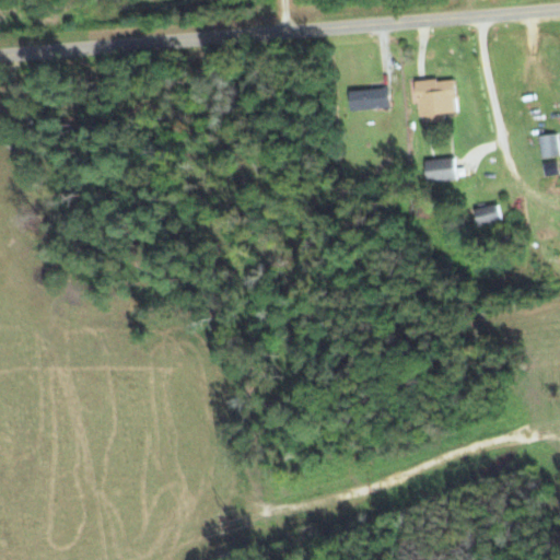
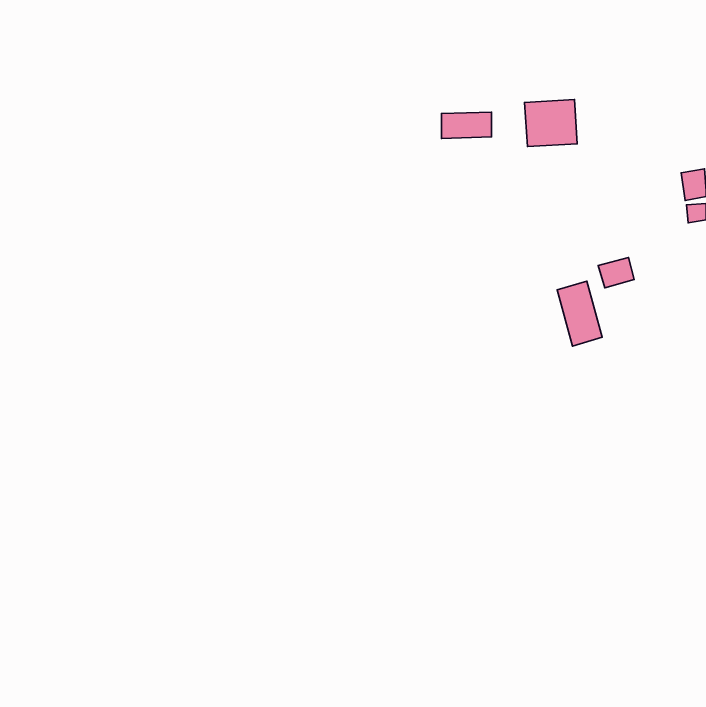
building: [423,156,456,185] -> none
building: none -> [557,281,602,346]

